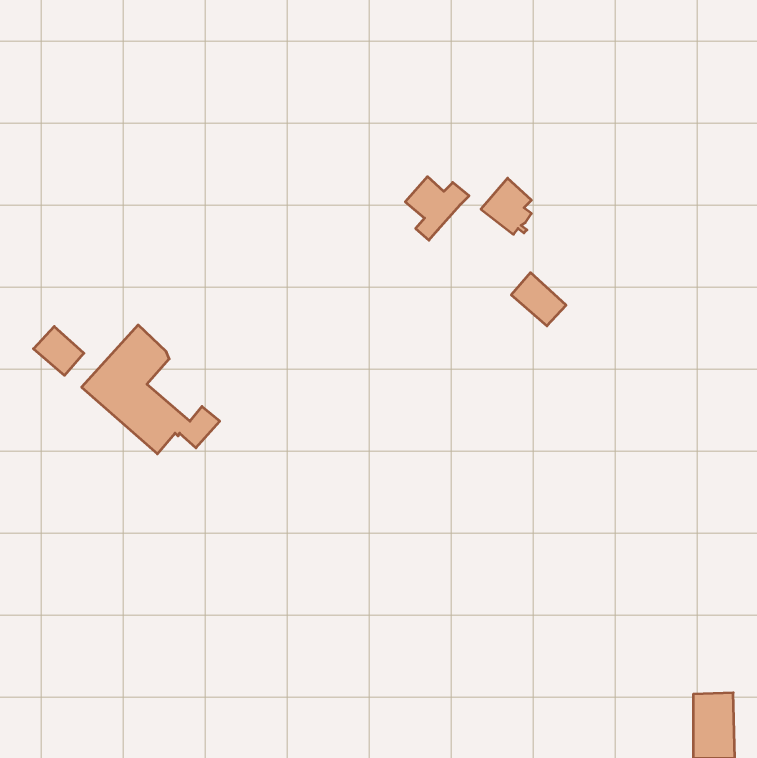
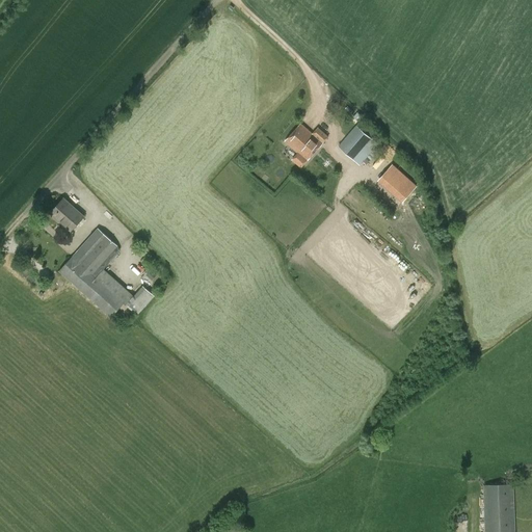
building: [511,273,566,326] -> [378,165,417,203]
building: [33,326,84,375] -> [48,197,83,232]

